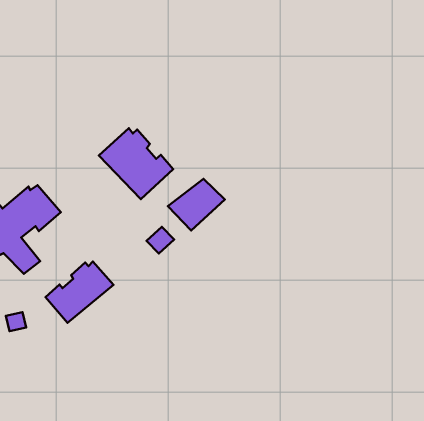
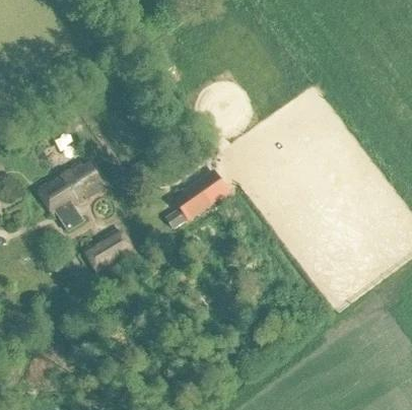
building: [99,128,173,199] -> none

